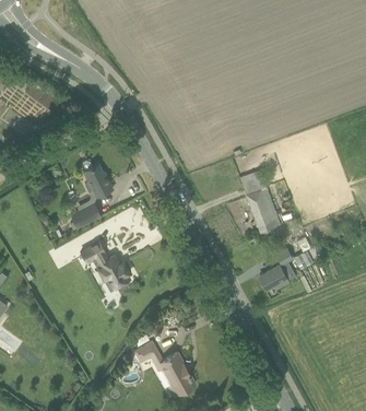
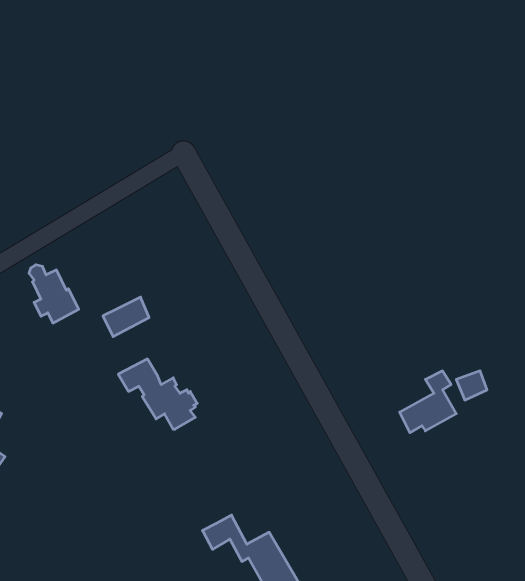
building: [82,161,114,198] -> [29,265,79,323]
building: [240,171,281,233] -> none

